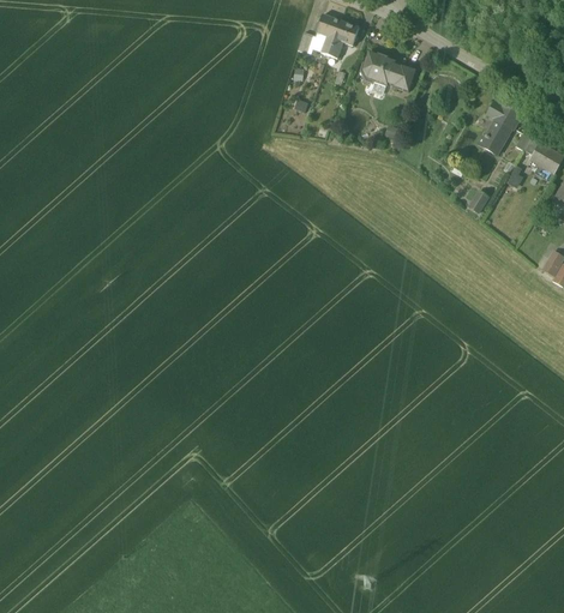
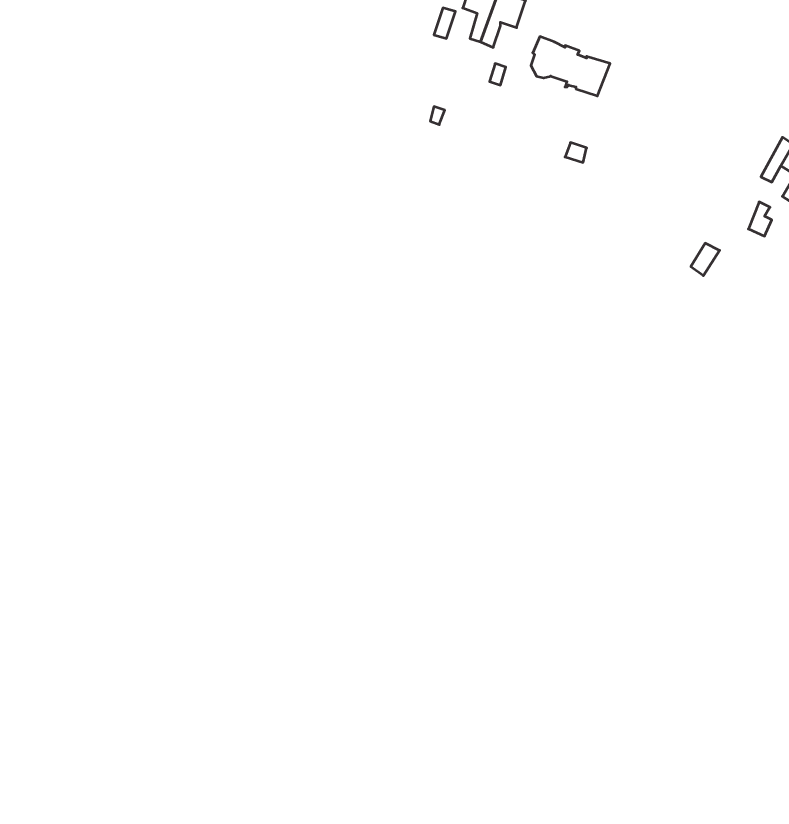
building: [476,103,518,155] -> none

